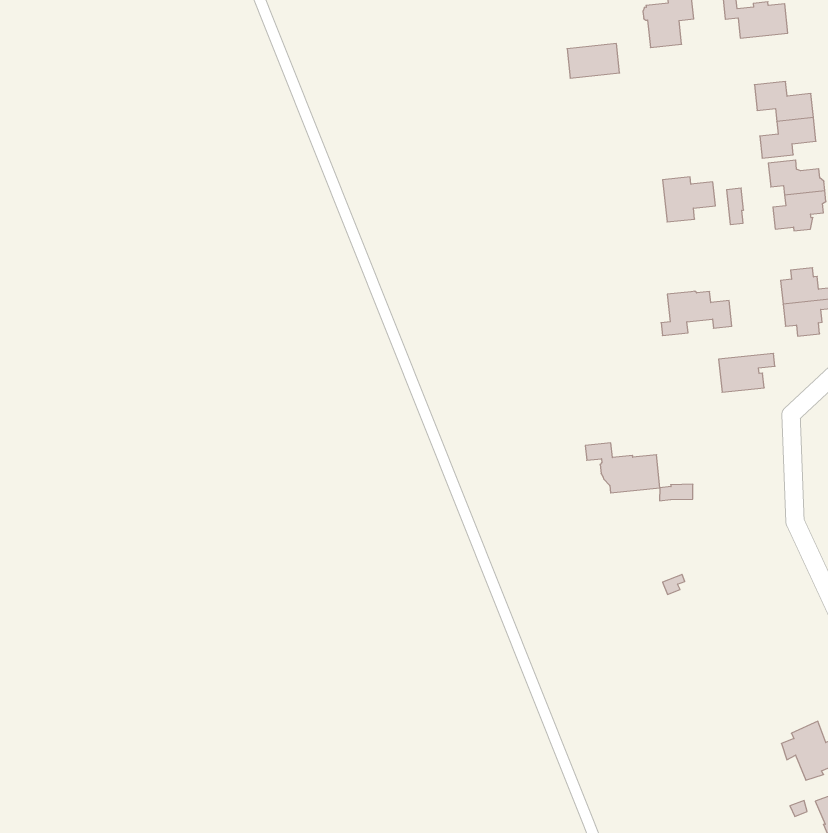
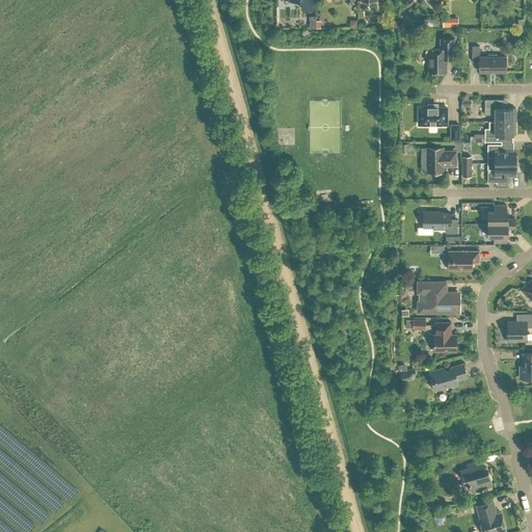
building: [567,44,620,78] -> [419,108,447,125]
building: [585,443,660,493] -> [419,284,458,312]
building: none -> [431,322,456,351]
building: none -> [429,364,467,390]

